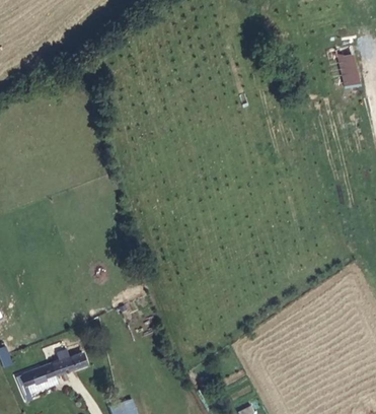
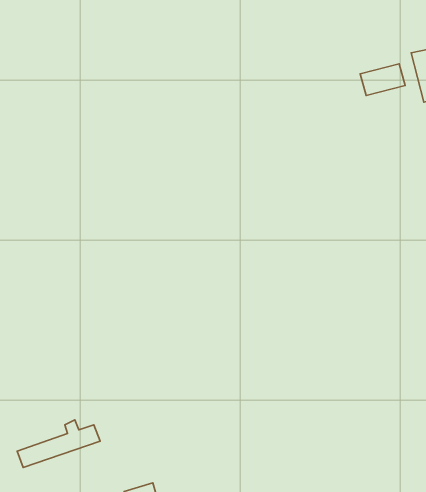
building: none -> [360,64,405,95]

